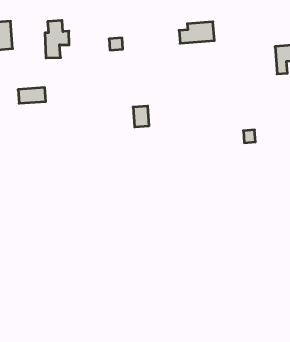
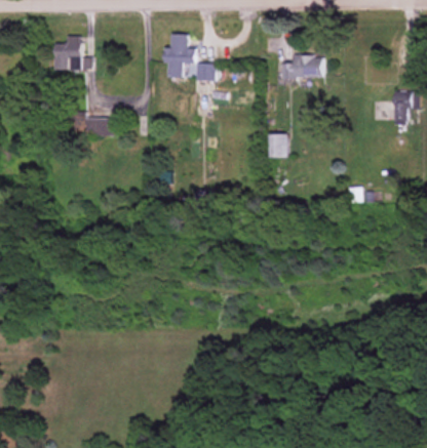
building: [45,20,69,58] -> [164,35,194,79]
building: [133,106,149,127] -> [270,134,287,158]

